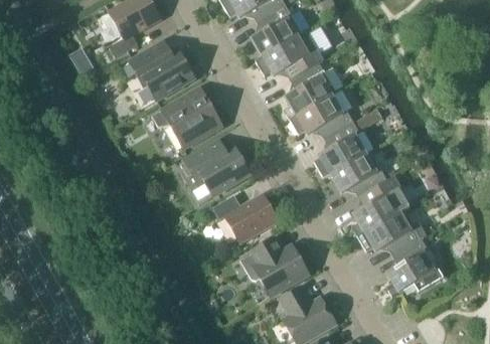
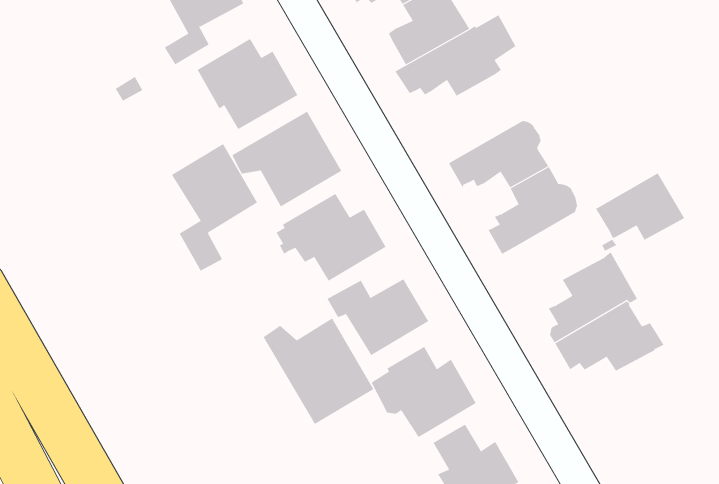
building: [285,63,336,120] -> none
building: none -> [171,143,258,271]
building: [330,151,387,194] -> [595,172,685,240]
building: none -> [263,318,374,425]
building: [386,238,443,298] -> none

